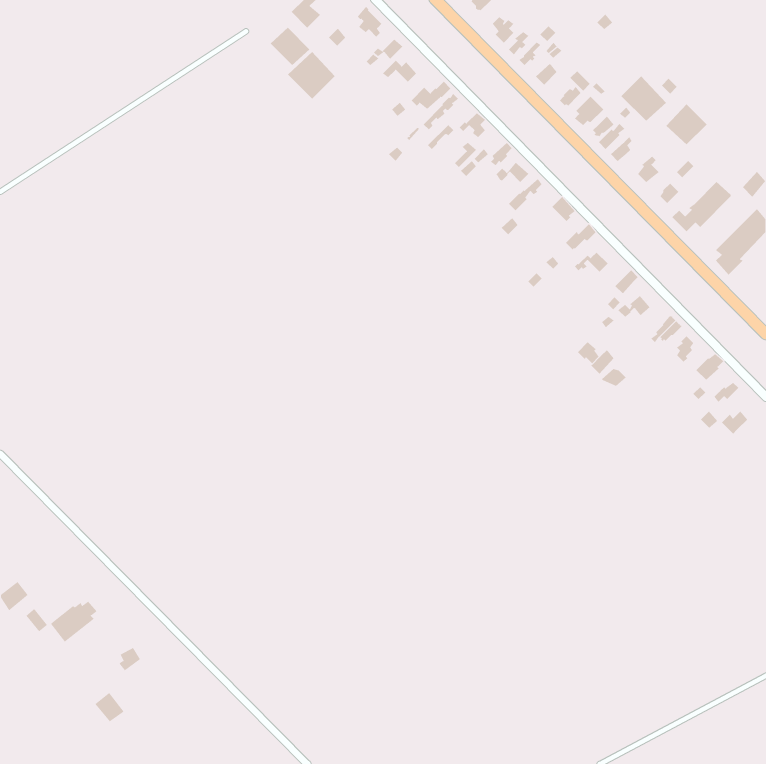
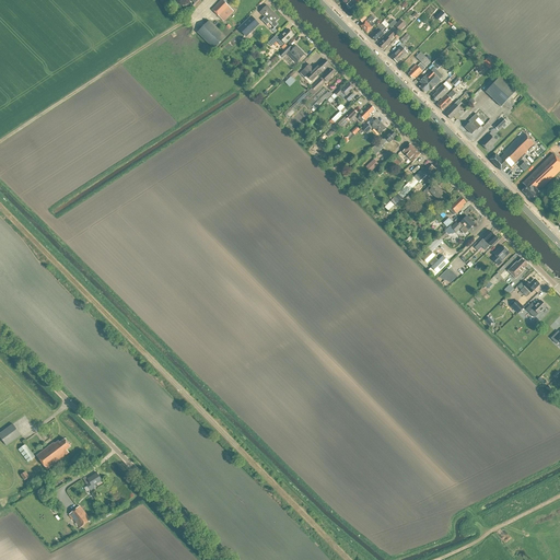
building: [287,51,335,99] -> none
building: [621,76,667,122] -> none

